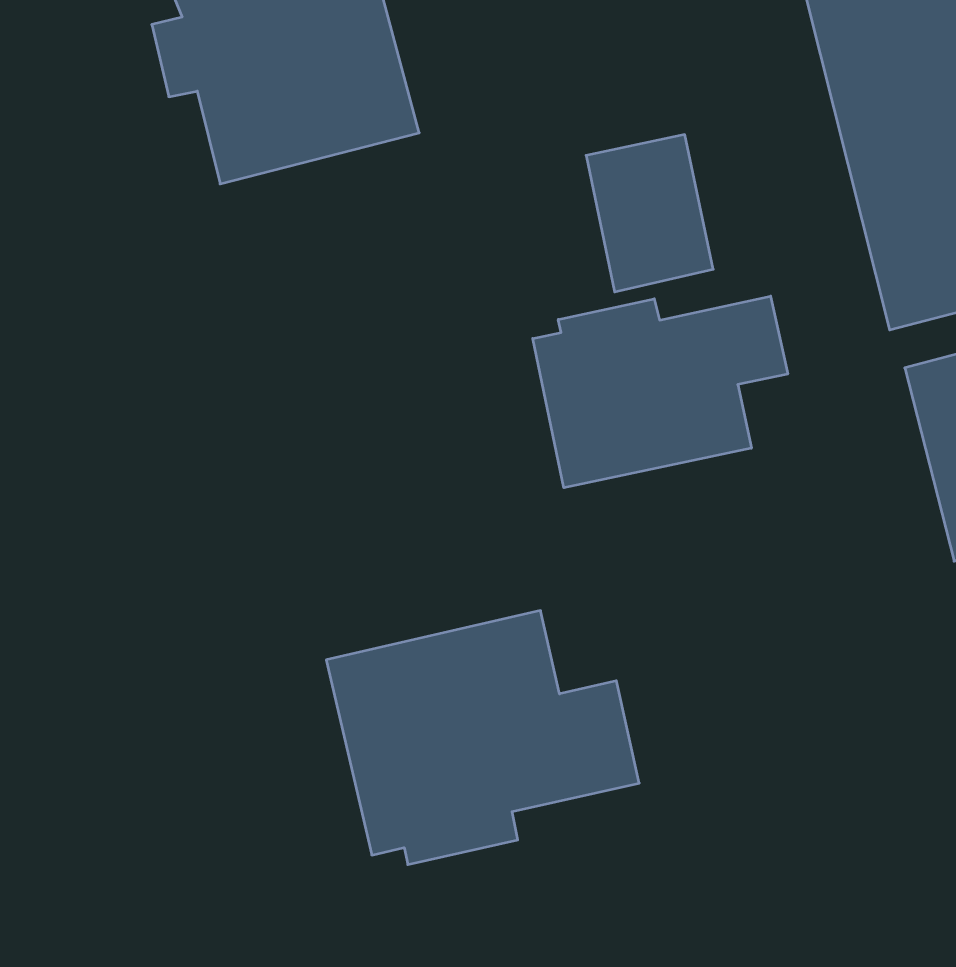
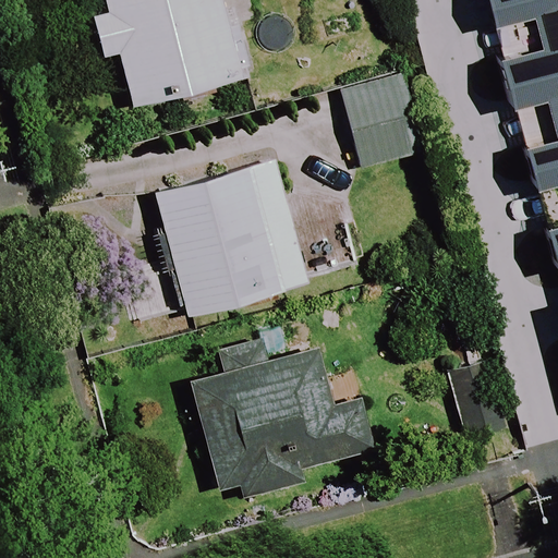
building: none -> [157,160,310,315]
building: [533,296,788,488] -> none

